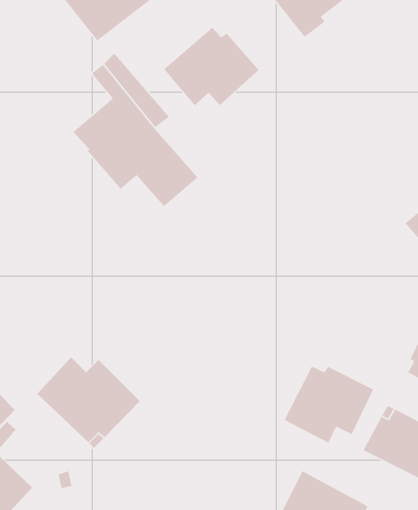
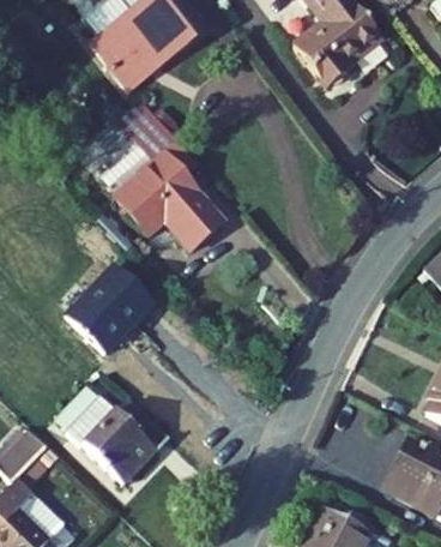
building: [163,27,260,106] -> none
building: none -> [66,266,152,353]
building: [283,365,374,444] -> none

